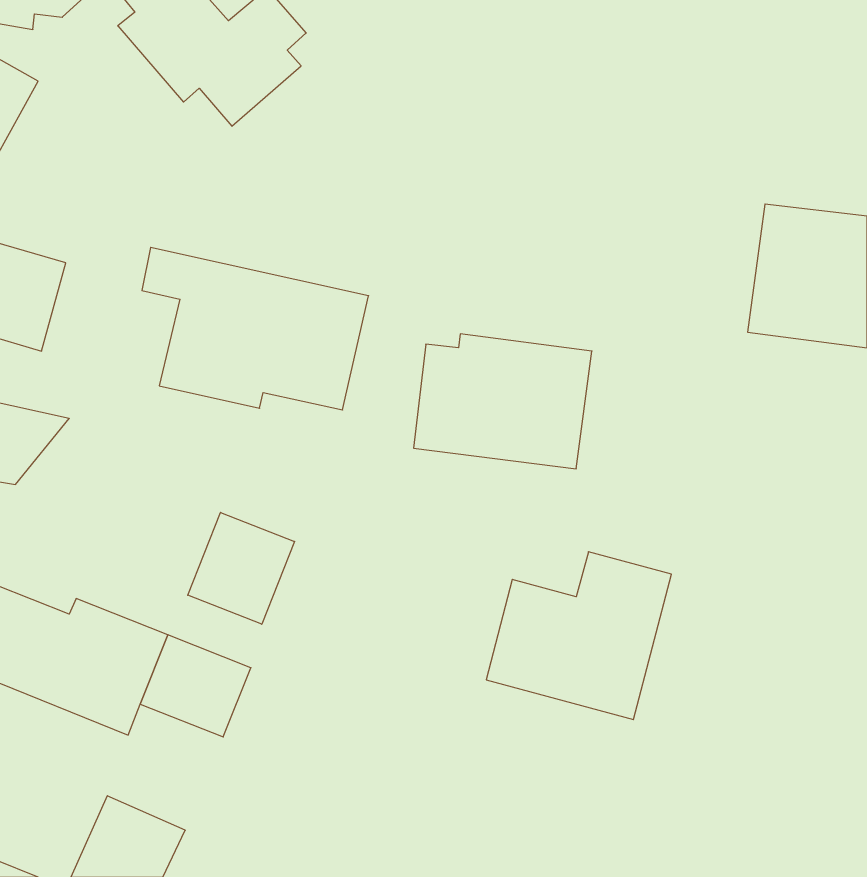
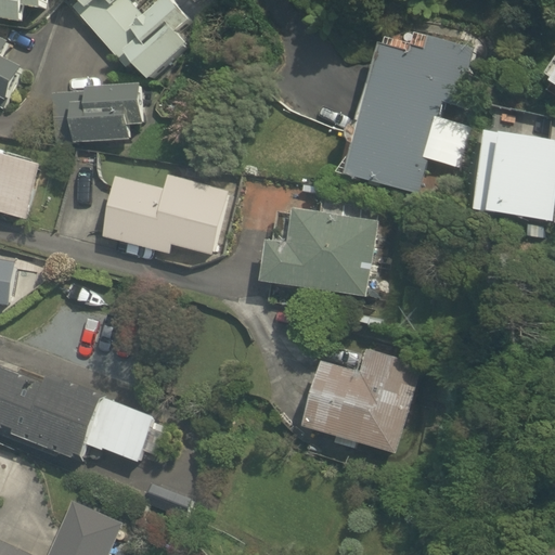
building: none -> [348,24,475,195]
building: none -> [69,83,142,142]
building: [188,512,295,624] -> none

